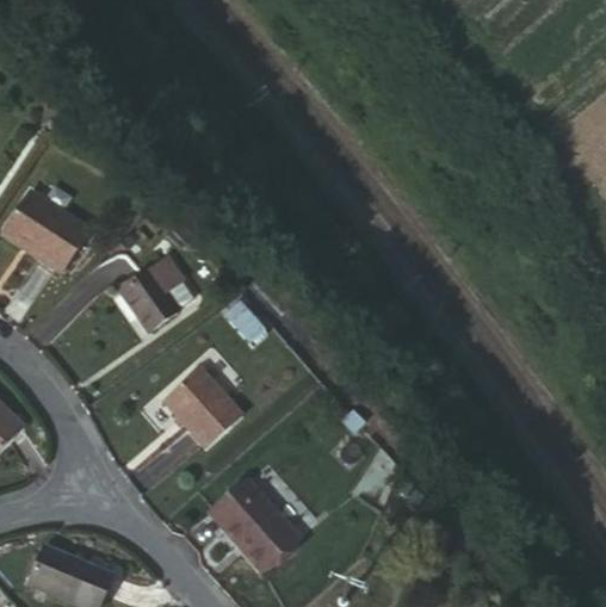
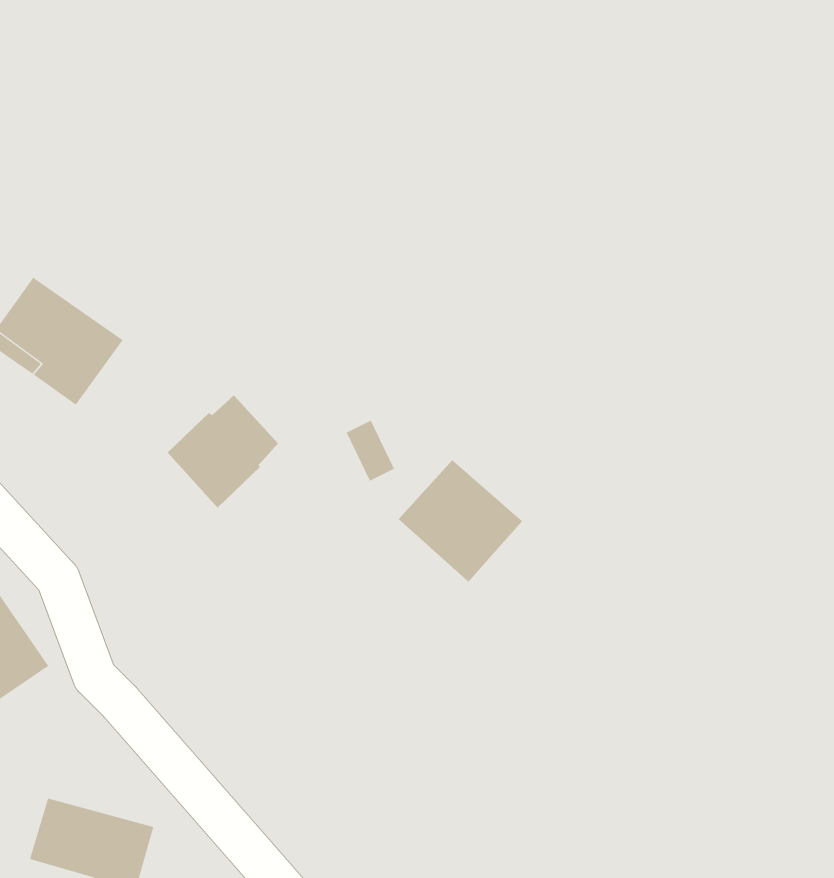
building: [162,372,245,453] -> [398,460,523,583]
building: [208,477,295,564] -> none

